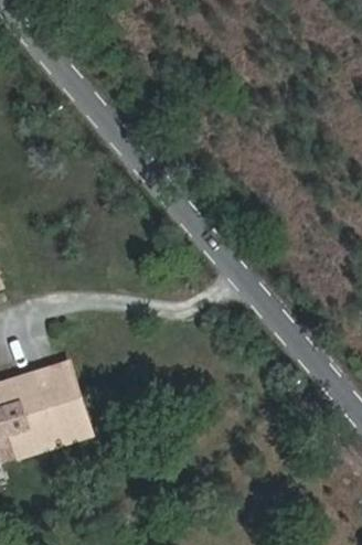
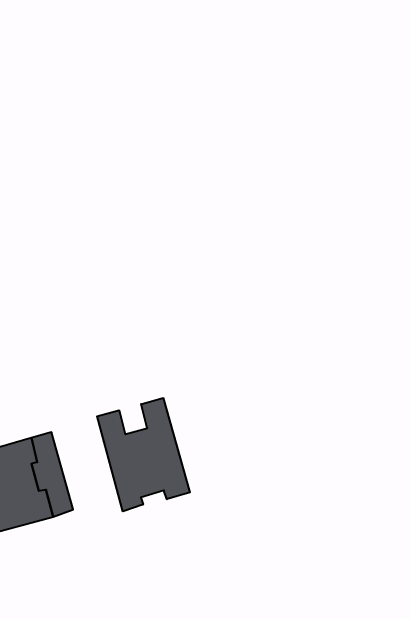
building: none -> [97,398,190,511]

